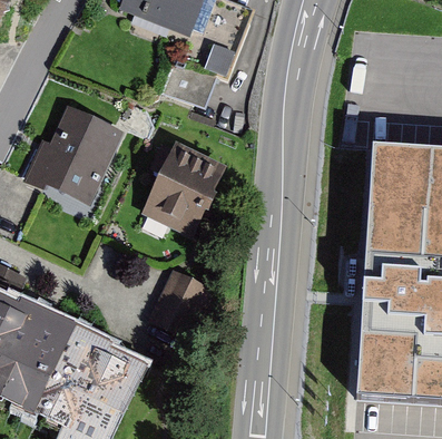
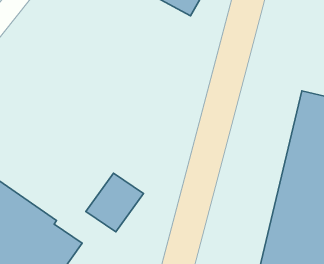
building: [26,107,124,209] -> none
building: [138,143,222,236] -> none

